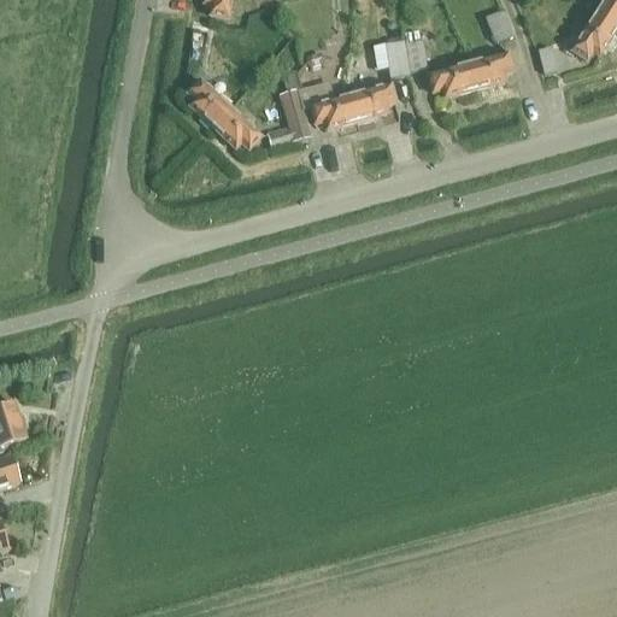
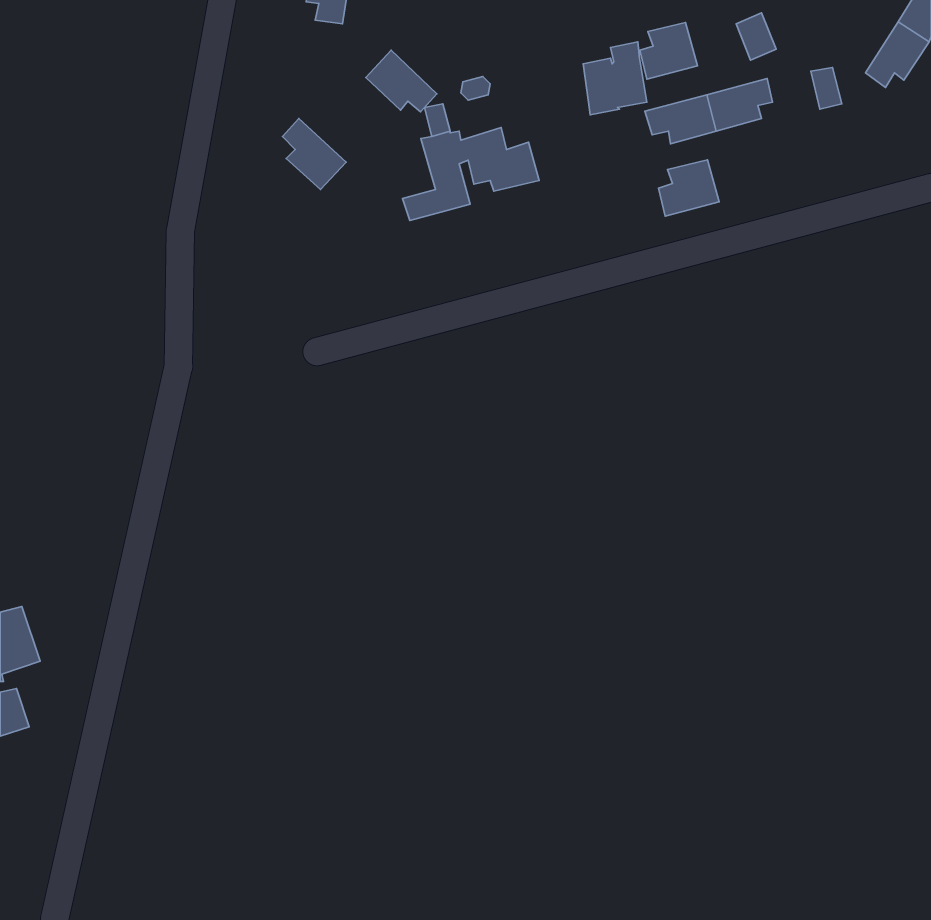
building: none -> [640,22,697,79]
building: [349,83,394,119] -> none
building: none -> [659,160,719,216]
building: [212,107,259,148] -> [366,50,437,112]

